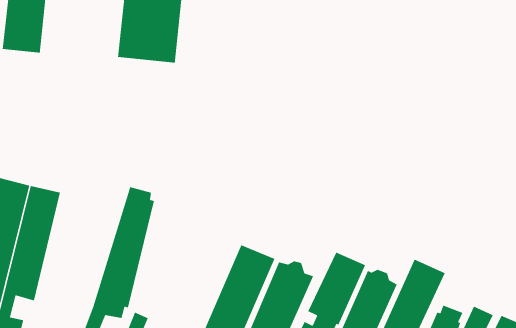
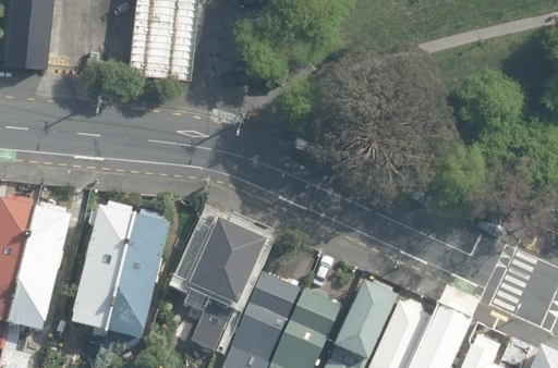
building: none -> [71,201,140,339]
building: none -> [184,218,267,353]

